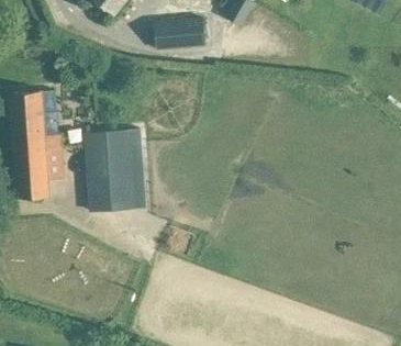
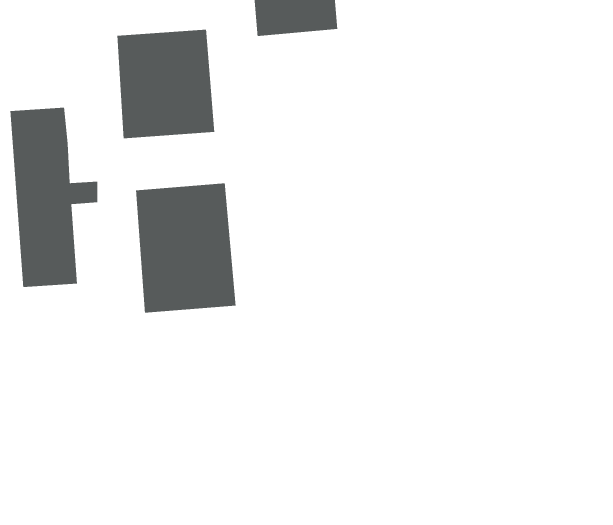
building: none -> [116,29,215,139]

